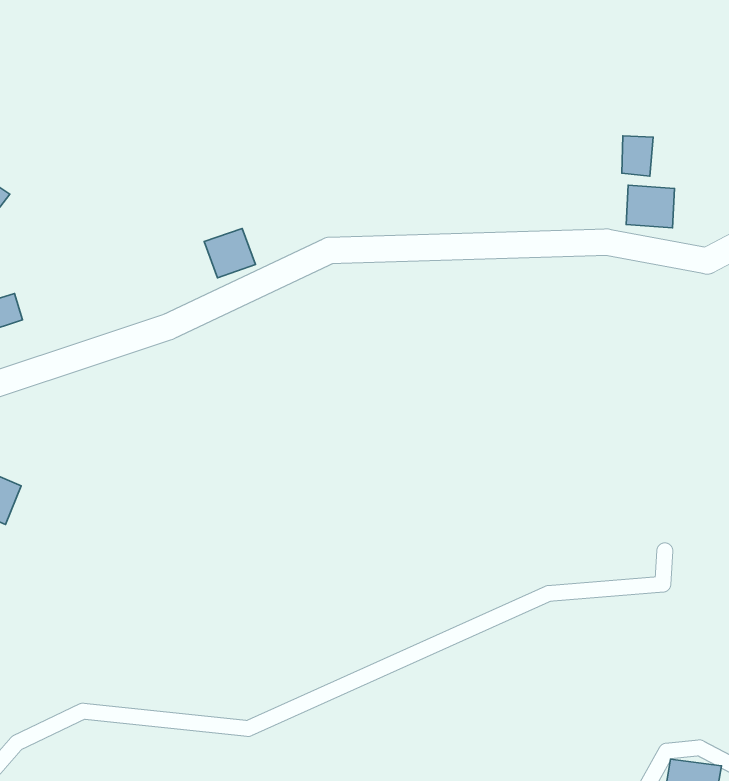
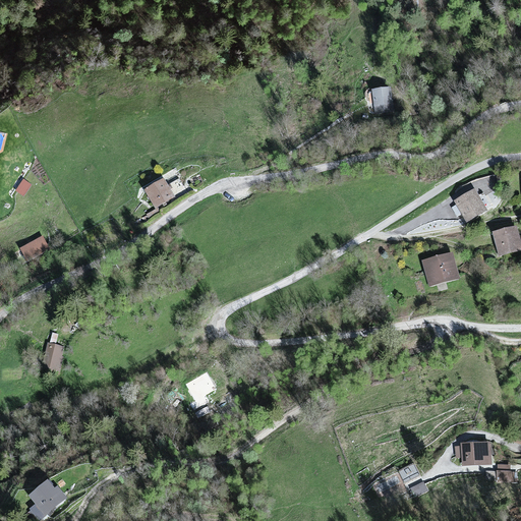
building: [626,185,675,228] -> none
building: none -> [422,252,457,284]

